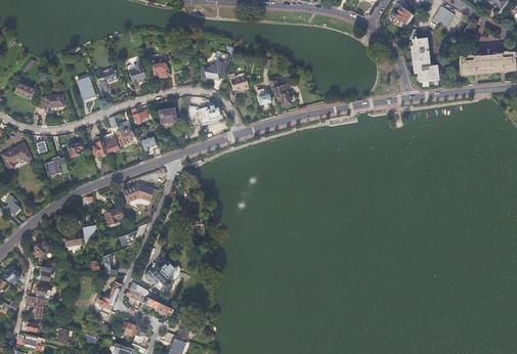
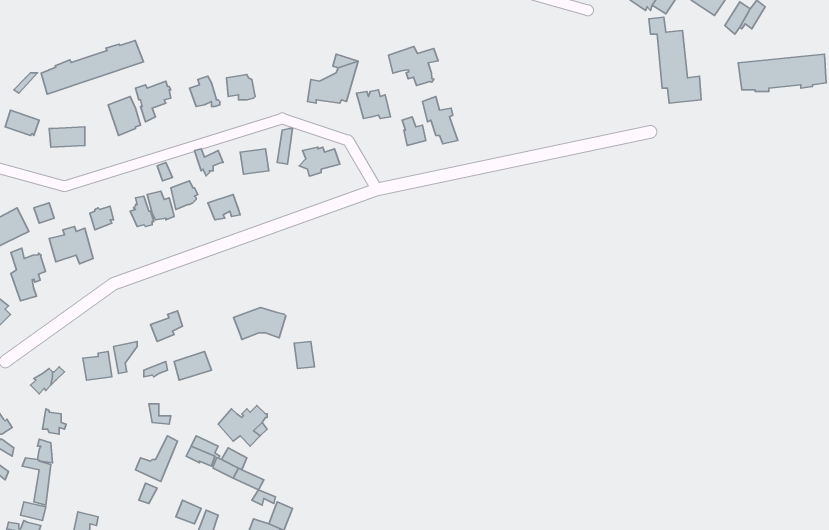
building: none -> [41,41,144,94]
building: none -> [388,46,438,86]
building: none -> [11,248,46,301]
building: [122,183,154,203] -> [233,308,286,340]

